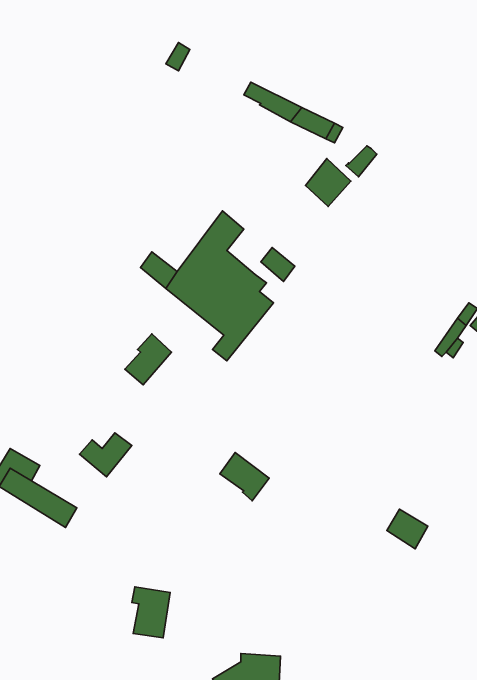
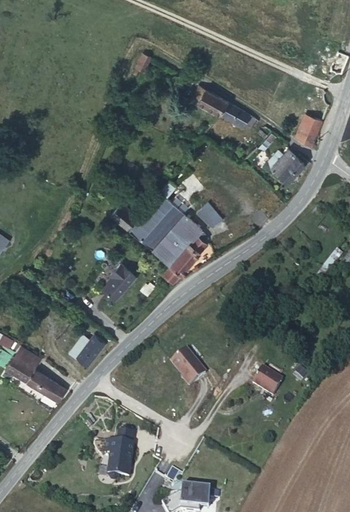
building: none -> [293,113,322,148]
building: [306,159,351,207] -> [270,149,302,183]
building: [387,509,428,549] -> [253,368,282,396]

